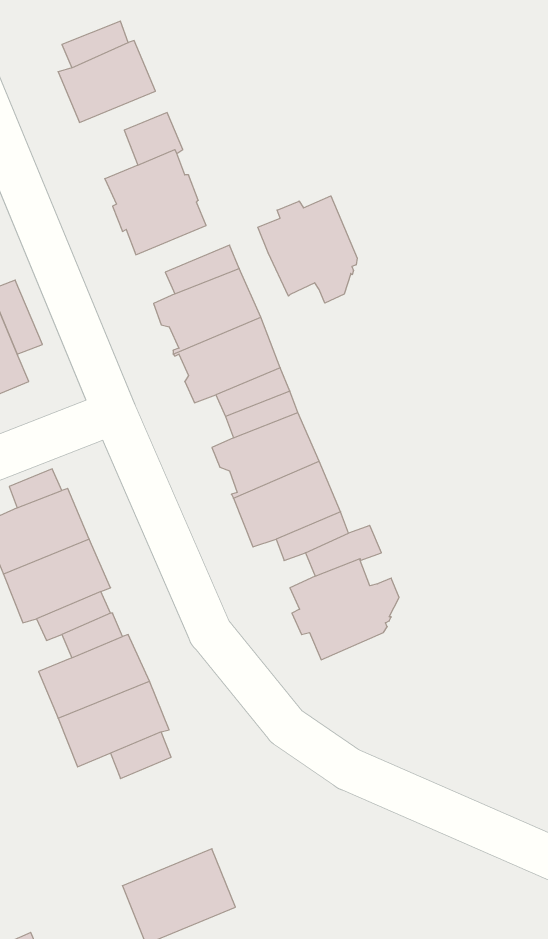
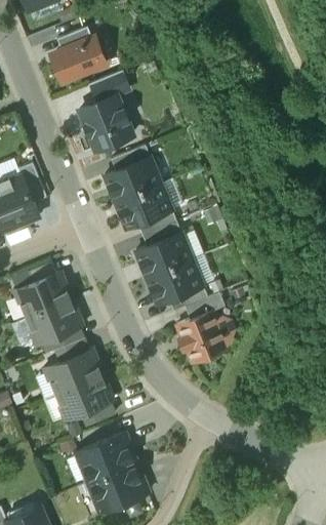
building: [258,196,357,303] -> none
building: none -> [75,433,135,482]

